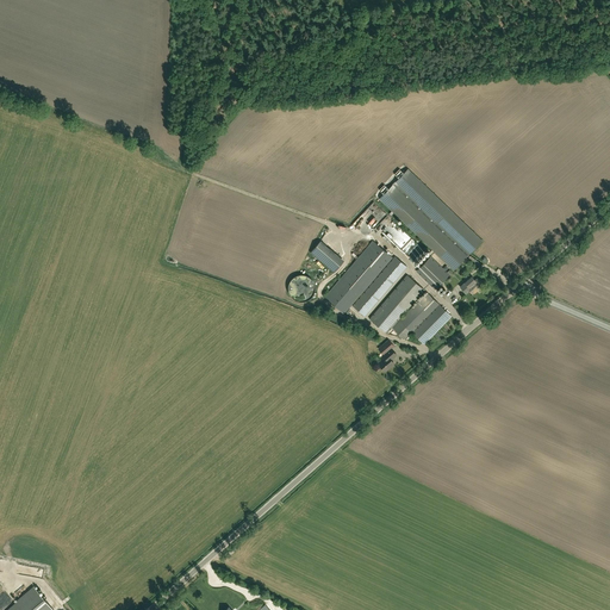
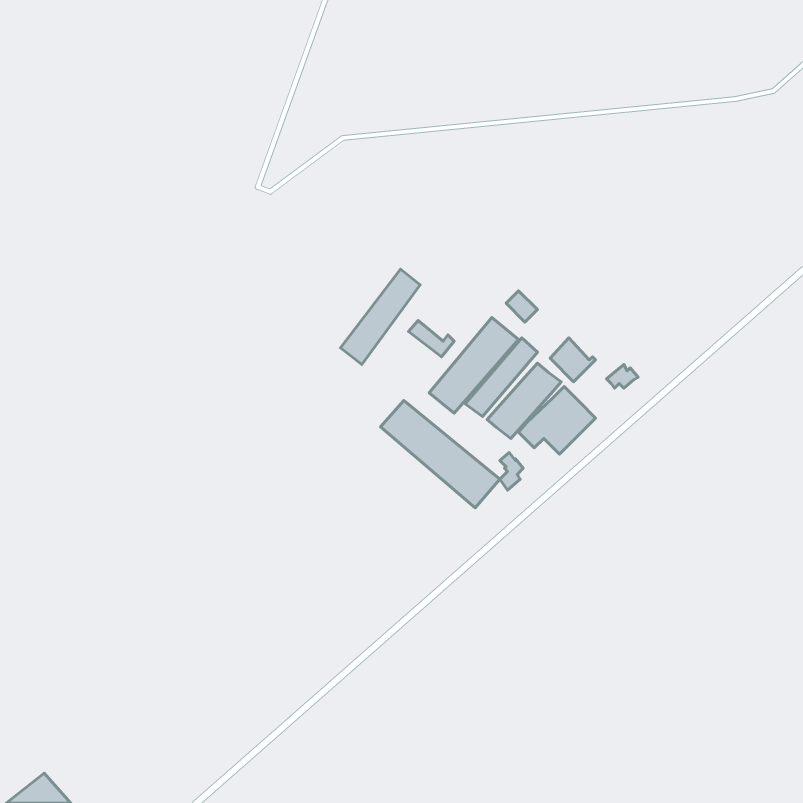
building: [379,169,483,272] -> none
building: none -> [340,269,420,364]
building: none -> [381,400,500,508]

